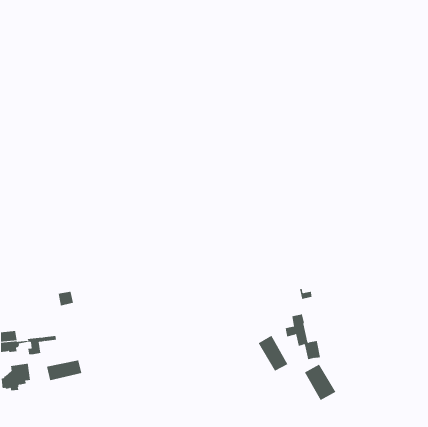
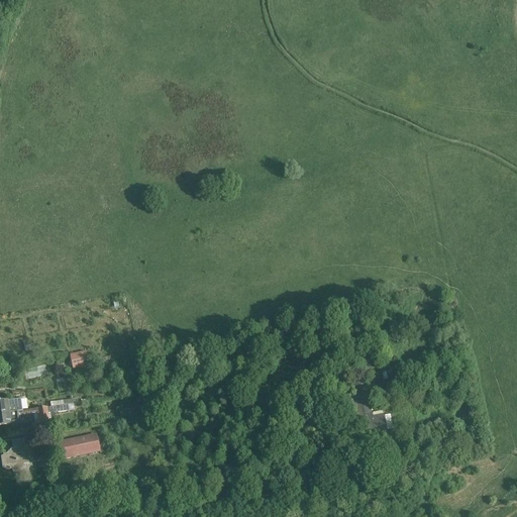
building: [258,335,288,372] -> none
building: [304,364,336,401] -> none

